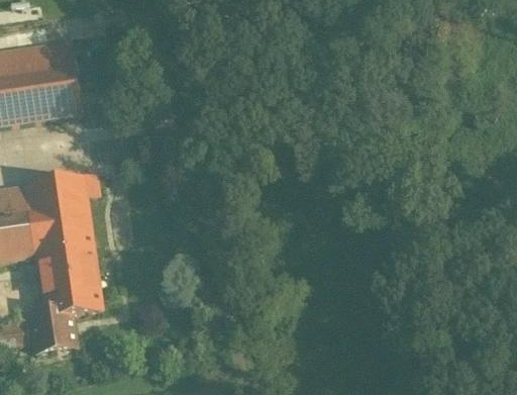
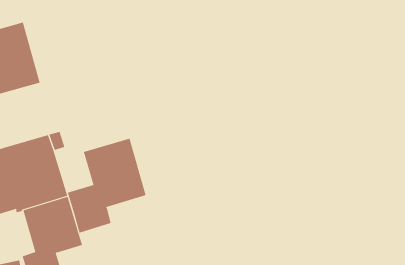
building: none -> [67,138,146,233]

